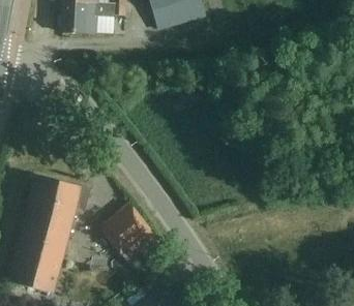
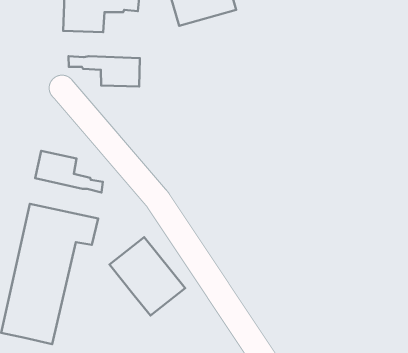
building: none -> [68,56,140,87]
building: none -> [35,151,103,193]

